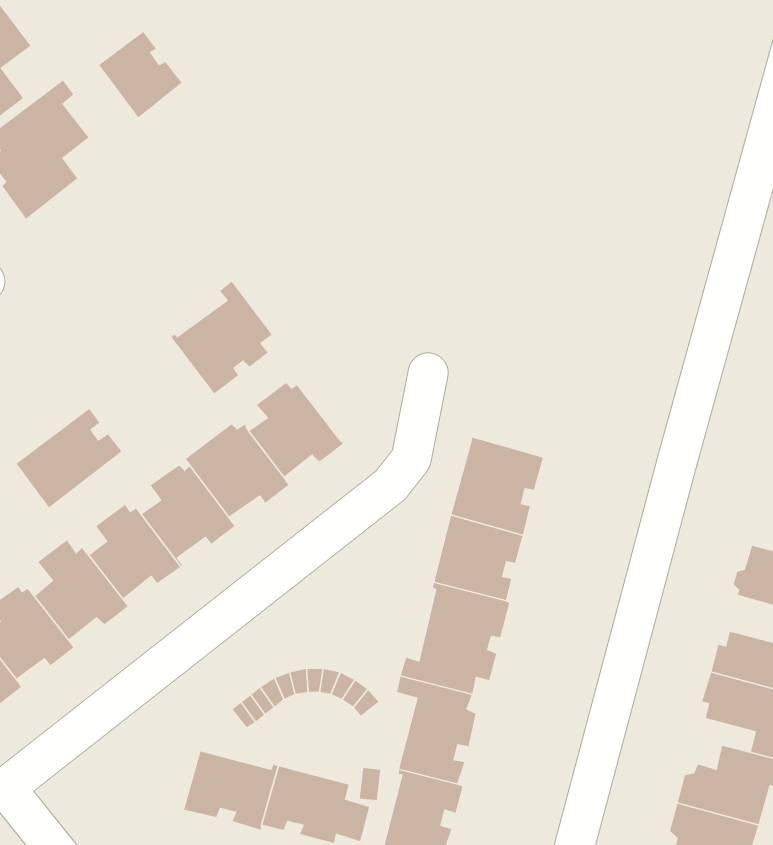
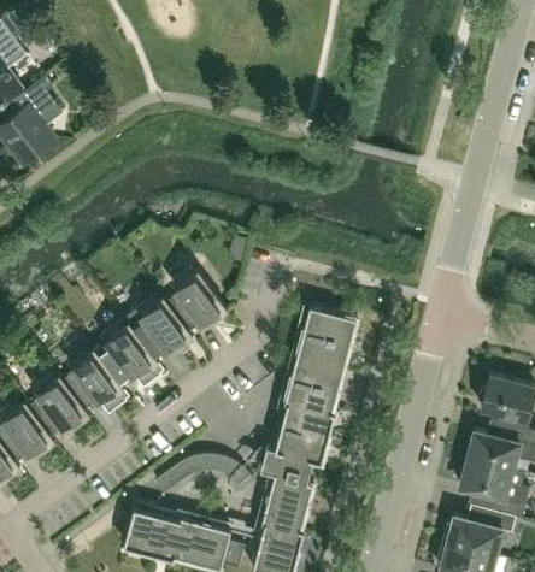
building: [98,31,183,119] -> none
building: [171,280,273,394] -> none
building: [16,408,122,509] -> none

